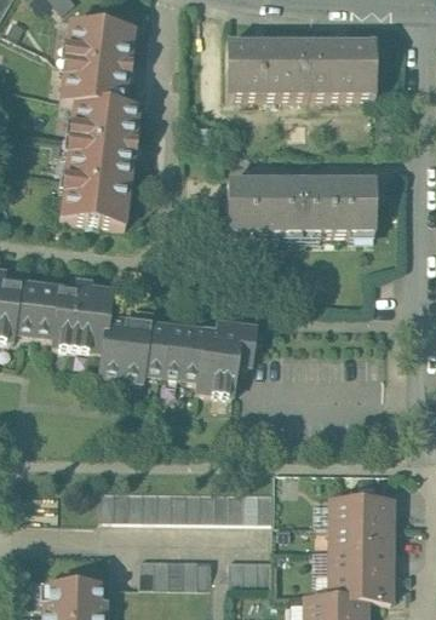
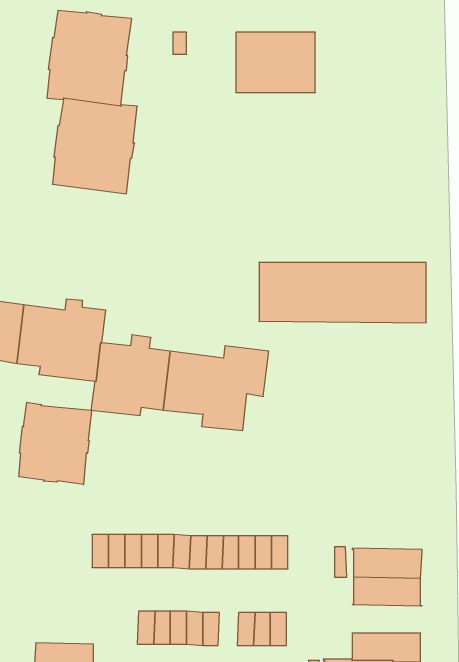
building: [297,41,374,96] -> none
building: [59,176,130,224] -> none
building: [226,179,374,232] -> [259,262,426,323]
building: none -> [19,402,92,485]
building: [329,547,391,573] -> none

